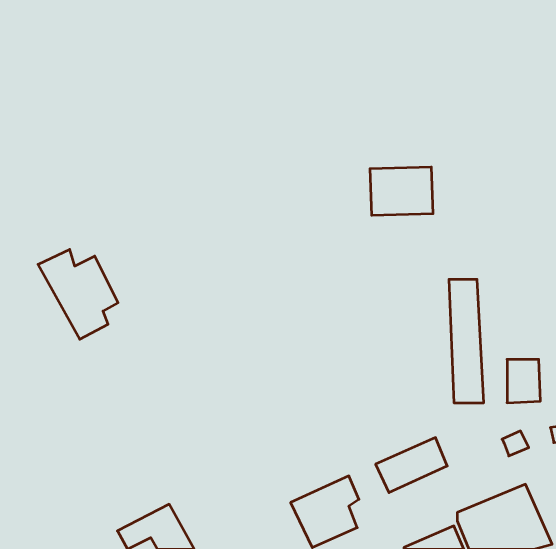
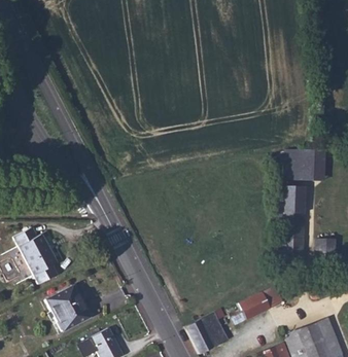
building: [370,167,433,215] -> [281,150,320,180]
building: [38,249,118,339] -> [13,227,63,283]
building: none -> [44,284,90,331]

